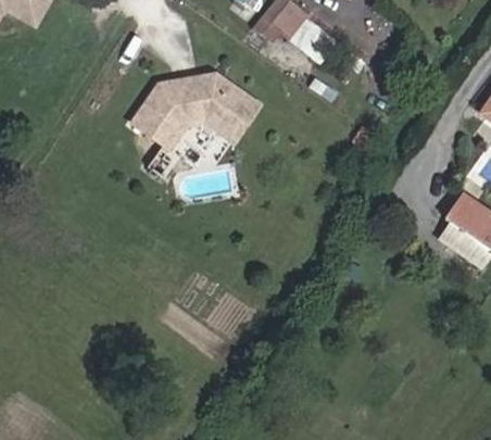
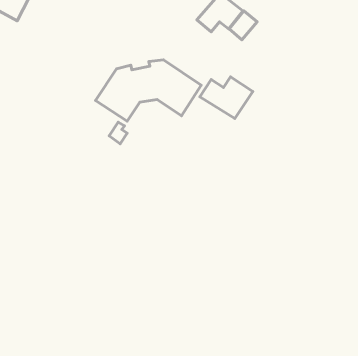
building: none -> [200,77,253,118]

